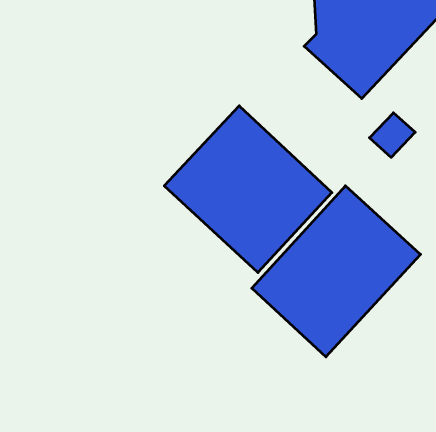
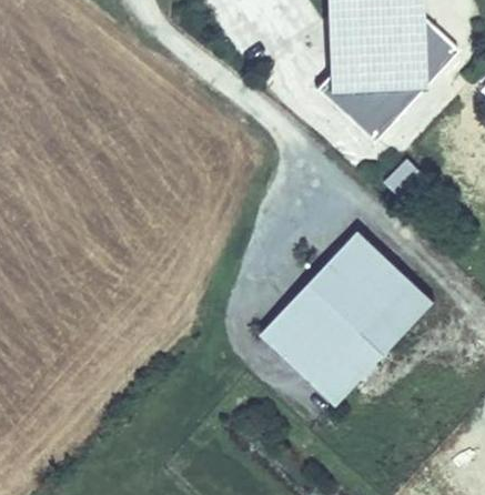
building: [164,106,332,273] -> none

